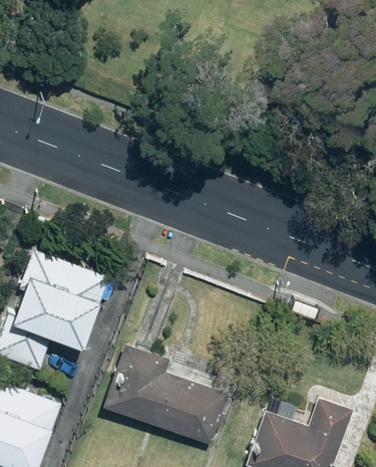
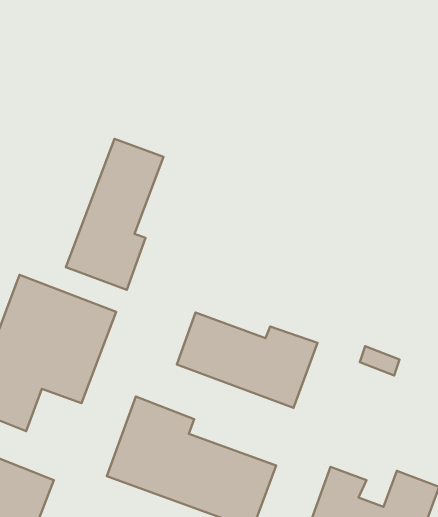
building: none -> [66,139,164,290]
building: none -> [177,312,317,408]

